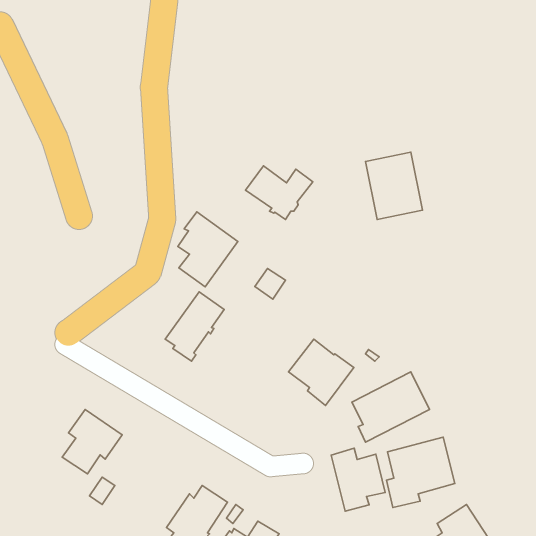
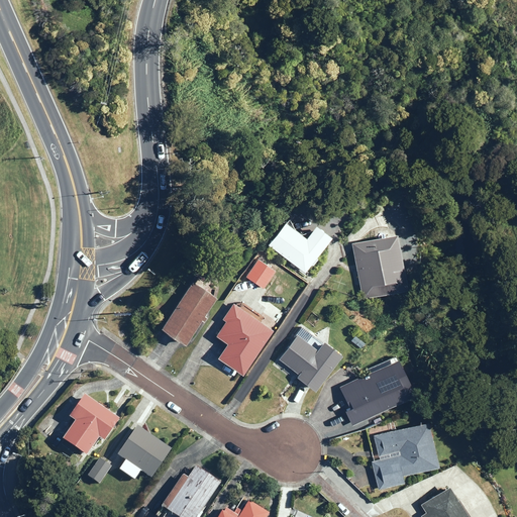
building: [366,152,423,220] -> [352,234,407,299]
building: [245,166,313,220] -> [267,221,331,273]
building: [178,212,238,287] -> [216,303,274,375]
building: none -> [118,427,172,480]
building: [331,448,385,511] -> none

